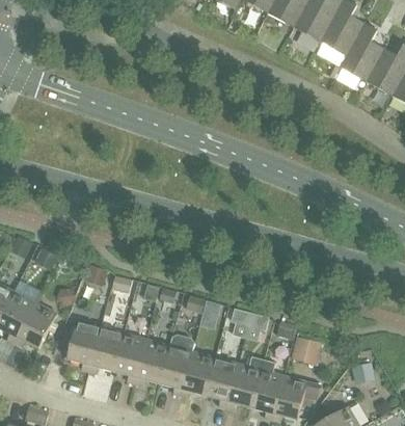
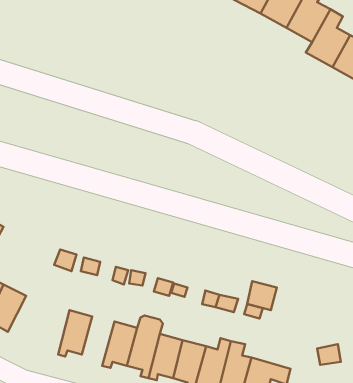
building: [62,320,101,371] -> none
building: [113,332,146,382] -> none
building: [292,335,322,364] -> [247,281,277,310]

